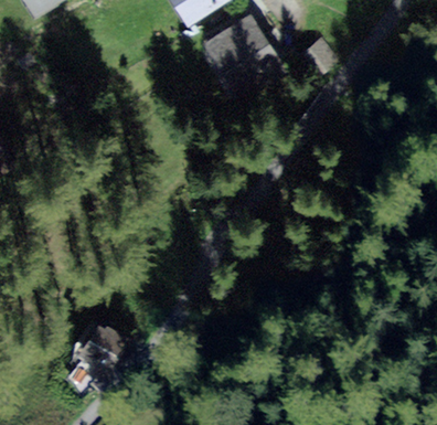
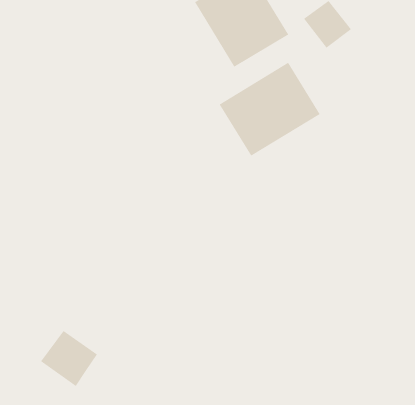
building: none -> [219,62,321,157]

